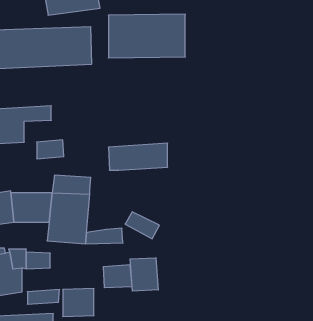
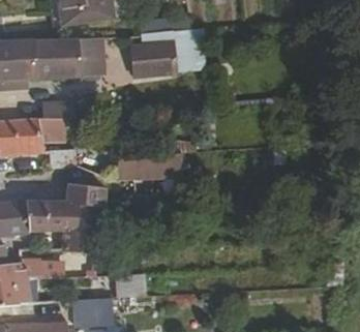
building: [130,258,158,291] -> none

